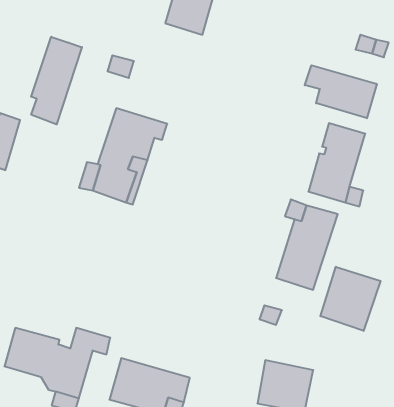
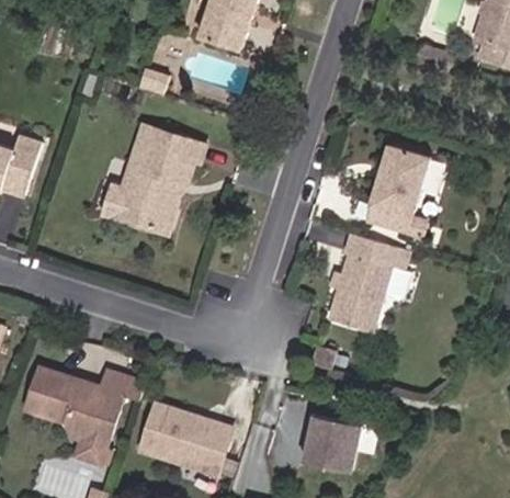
building: [31,37,82,124] -> none
building: [305,65,377,118] -> none
building: [320,267,381,331] -> none

